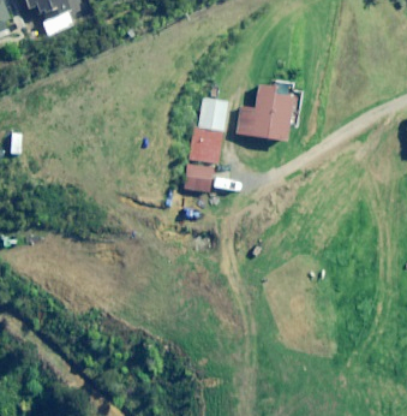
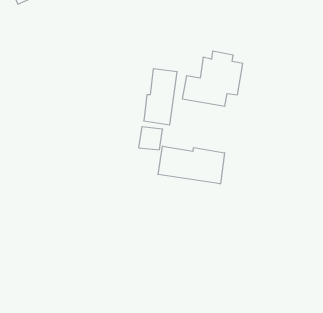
building: none -> [158,146,224,184]

